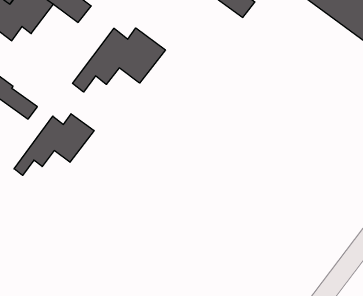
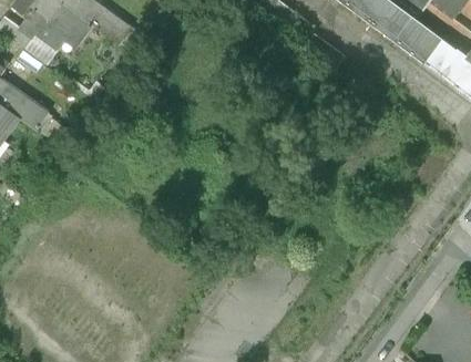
building: [73,28,165,92] -> none
building: [14,114,94,175] -> none

